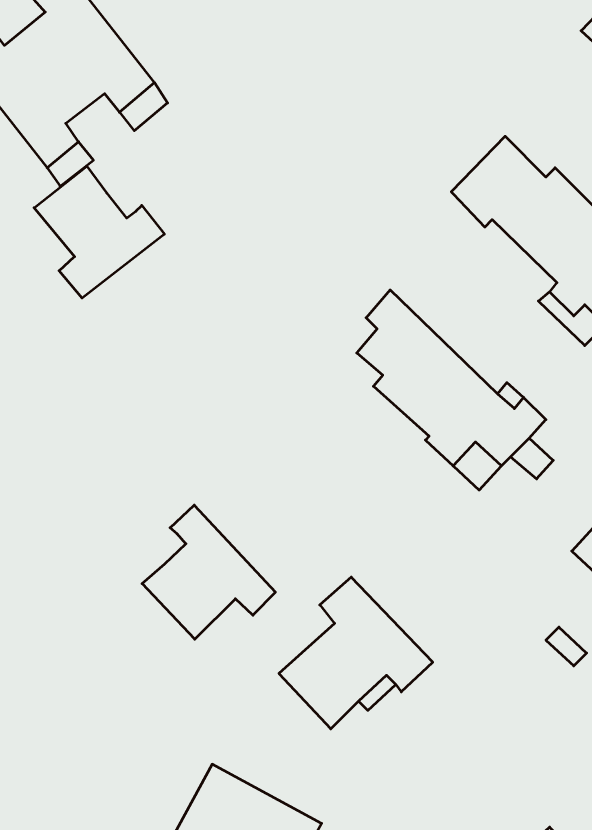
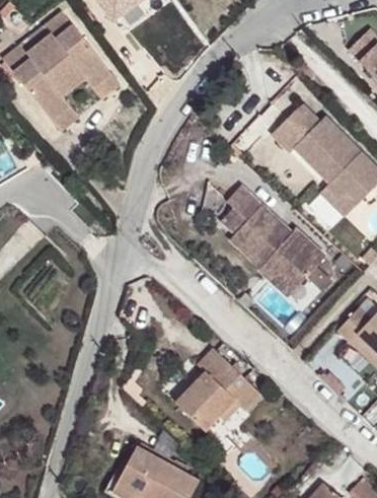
building: [34,166,164,298] -> none
building: [142,505,275,639] -> none

